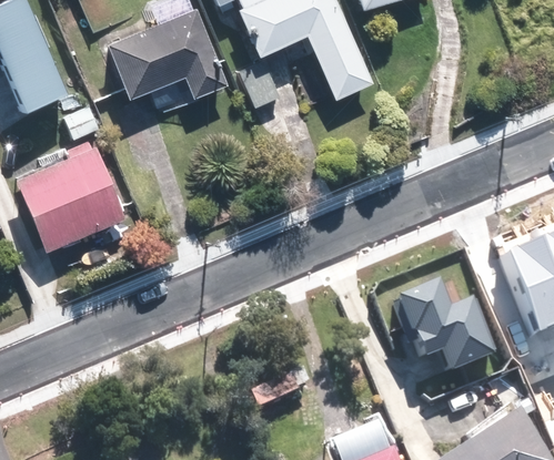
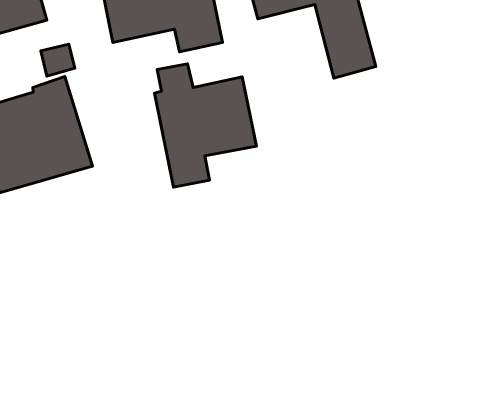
building: none -> [154,64,257,187]
building: [377,263,485,374] -> none

